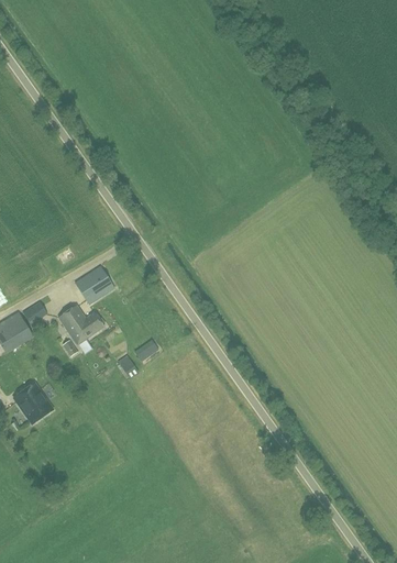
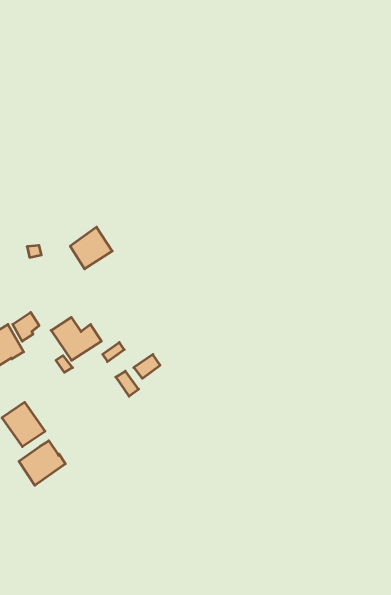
building: [76,265,114,303] -> [70,227,112,269]
building: none -> [19,441,65,485]

